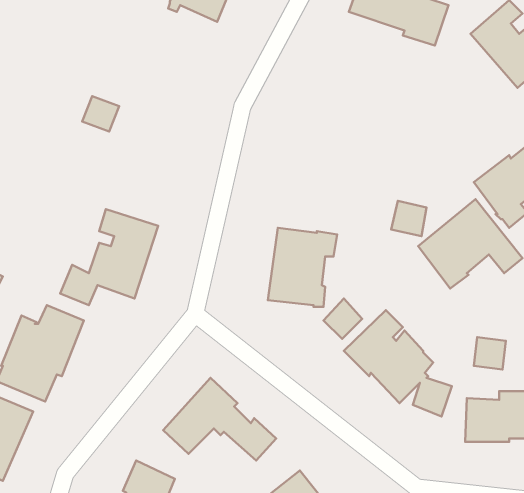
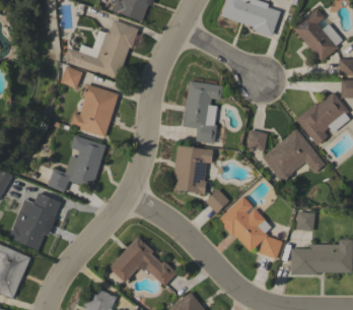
building: none -> [64,19,138,79]
building: none -> [183,80,222,143]
building: none -> [70,83,118,136]

